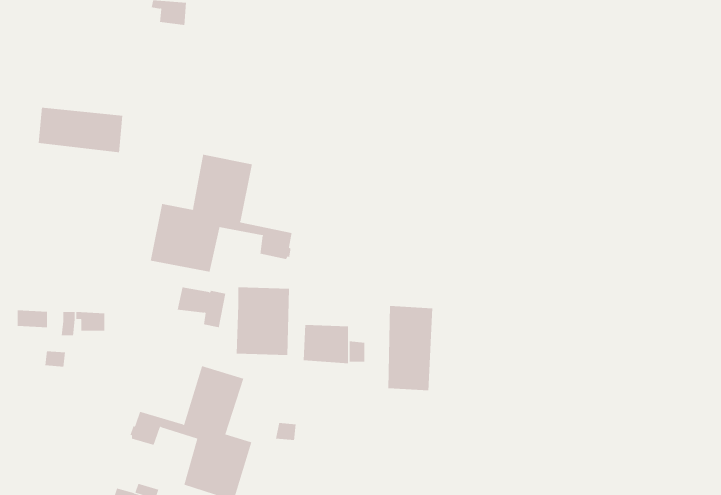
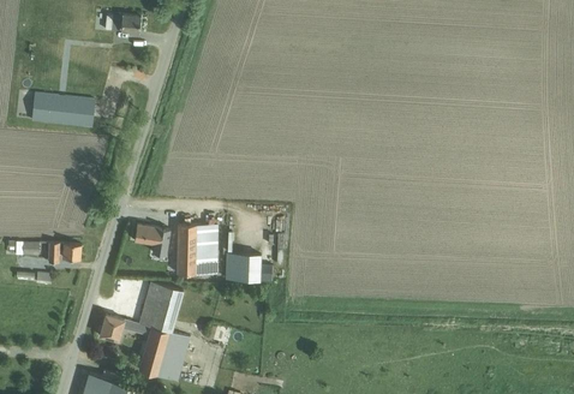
building: [150,154,292,272] -> none
building: [388,305,433,391] -> none

